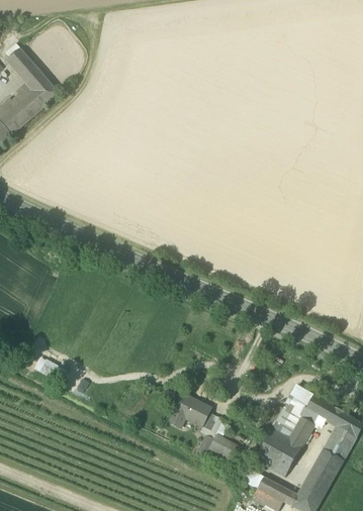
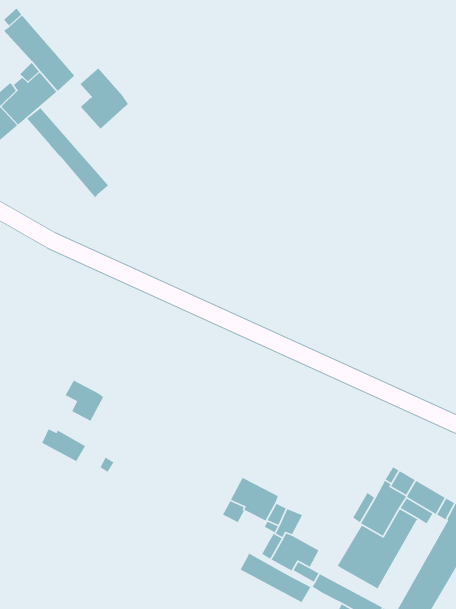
building: none -> [79,68,129,129]
building: none -> [26,107,109,198]
building: none -> [65,379,104,422]
building: none -> [240,552,311,603]

